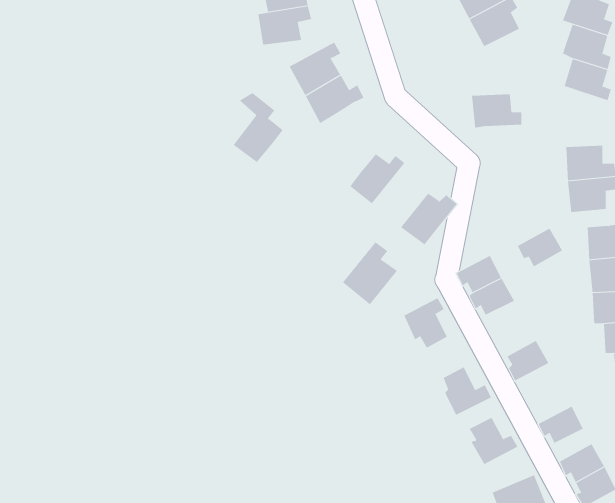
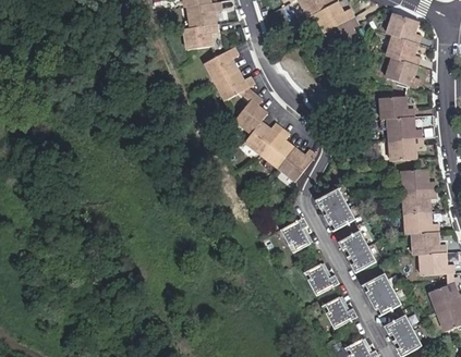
building: [233,92,283,163] -> [234,87,268,134]
building: [471,94,522,128] -> [379,95,413,118]
building: [517,228,563,267] -> [338,230,368,256]
building: [342,241,398,305] -> [259,127,296,170]
building: none -> [364,273,392,300]

